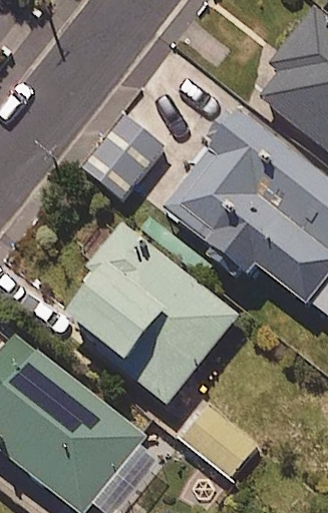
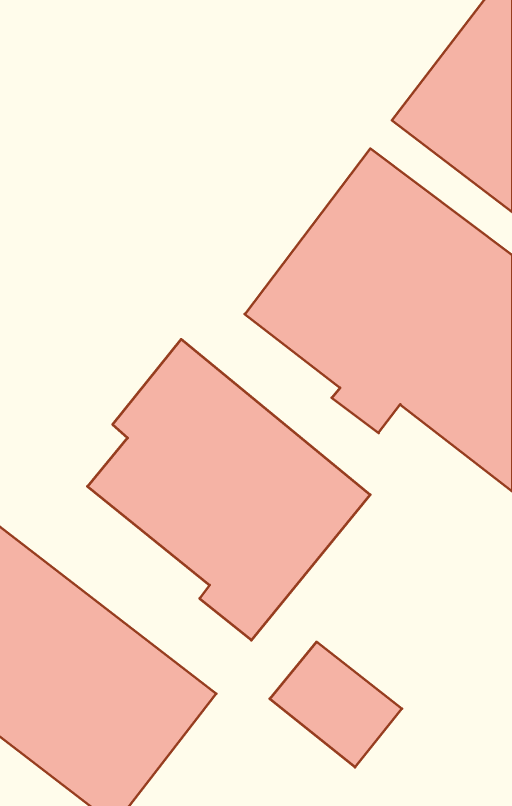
building: [86,117,163,197] -> none

